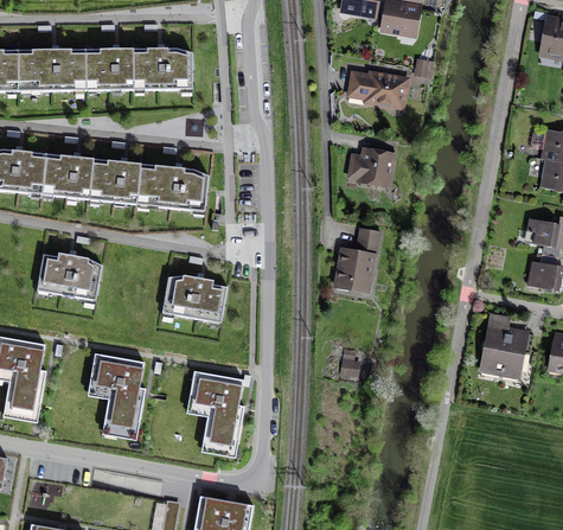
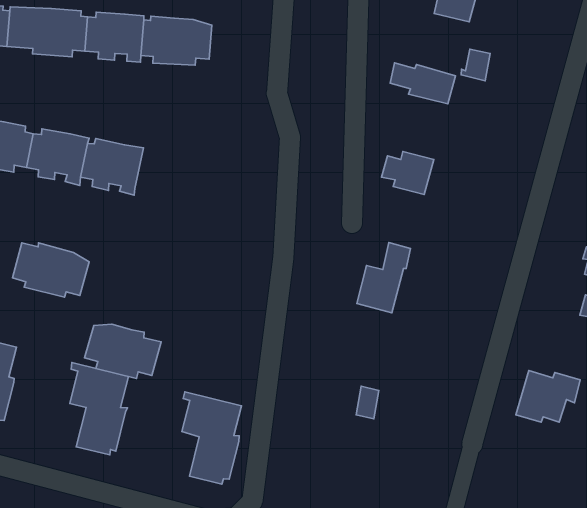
building: [136,164,207,211] -> none
building: [162,275,228,320] -> [84,324,161,378]

